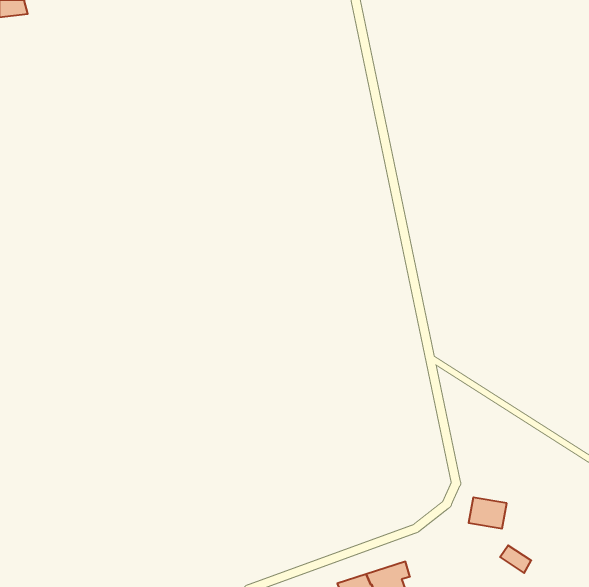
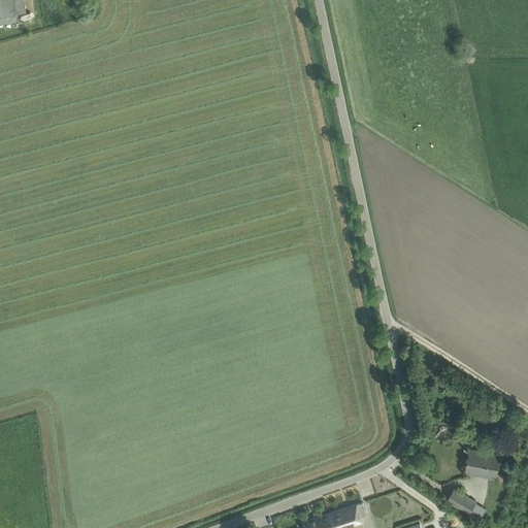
building: [469,497,507,529] -> [465,452,499,480]

